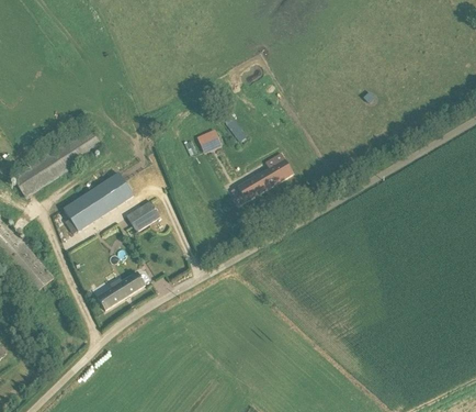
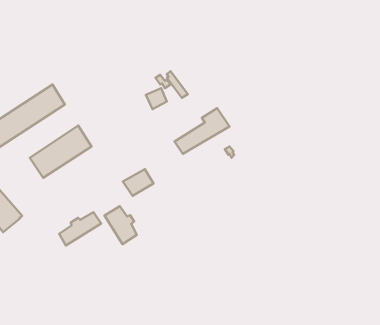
building: [125,200,160,231] -> [123,169,153,196]
building: none -> [105,206,137,244]

